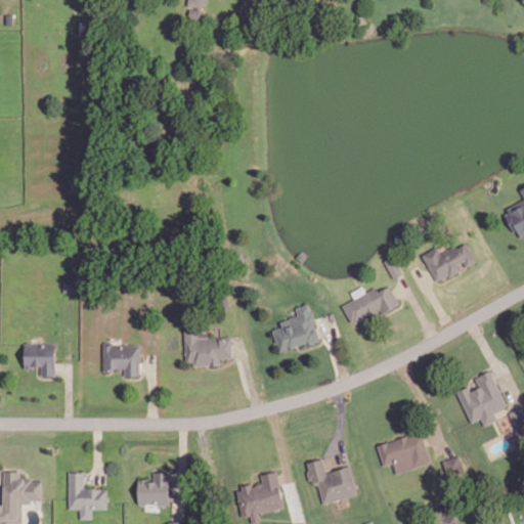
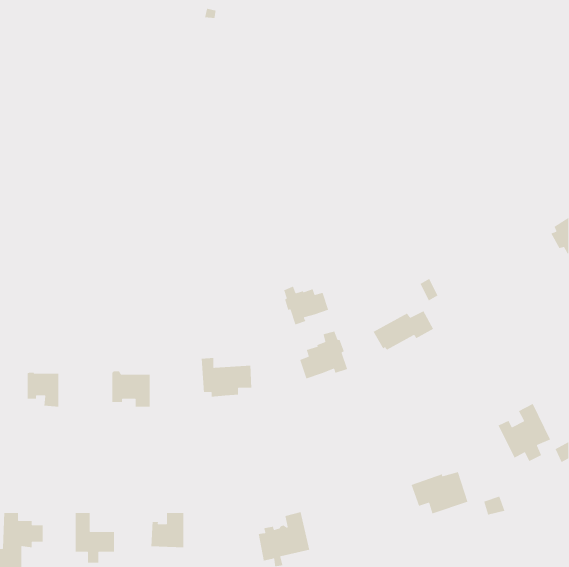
building: [422,246,475,282] -> none
building: none -> [283,286,329,325]
building: [307,461,356,505] -> none

